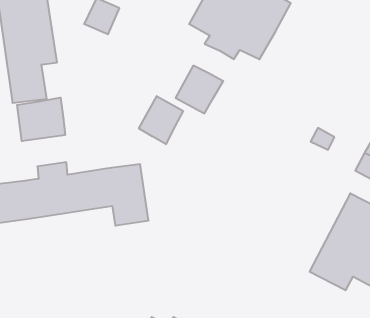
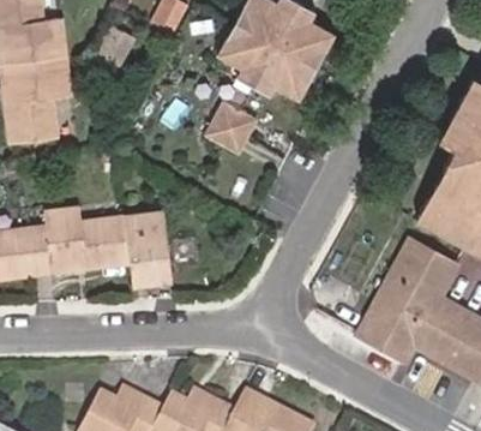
building: [139,96,183,144] -> none
building: [17,98,65,141] -> none

